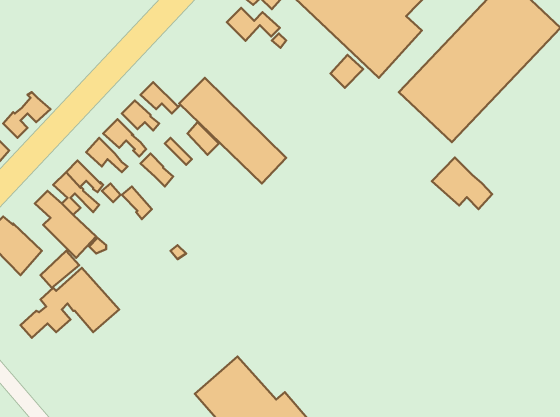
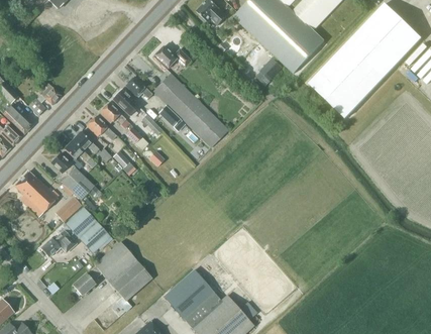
building: [227,8,280,41] -> [153,45,191,69]
building: [432,158,492,209] -> none
building: none -> [73,241,151,300]

